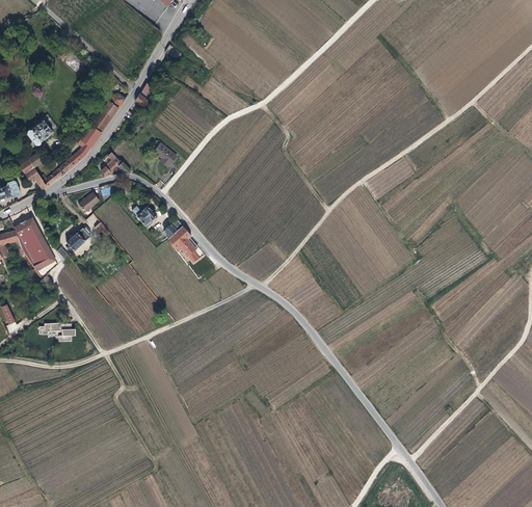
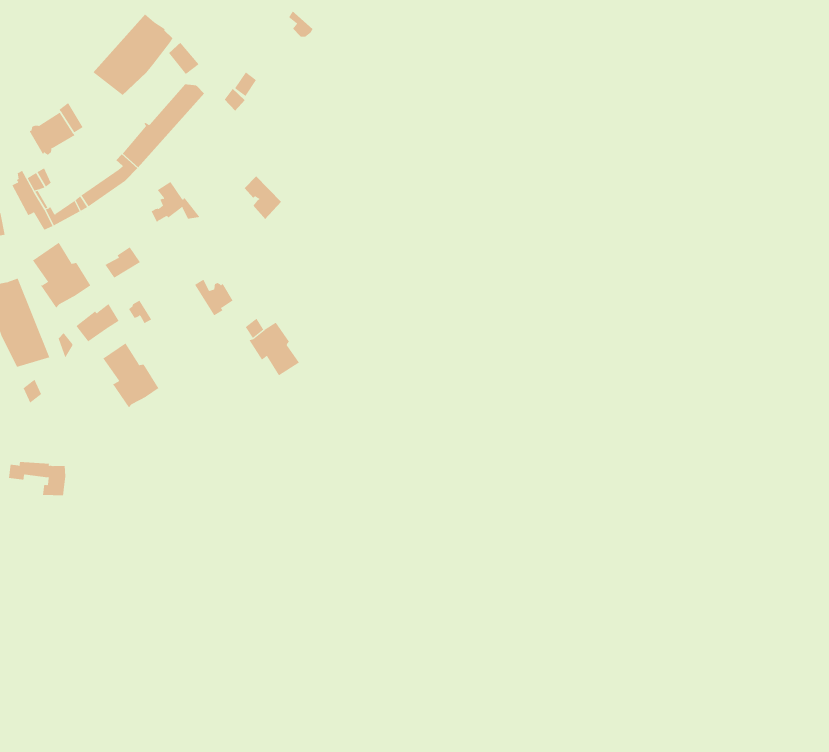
building: none -> [92,14,173,96]
building: none -> [32,242,91,308]
building: none -> [103,342,159,408]

